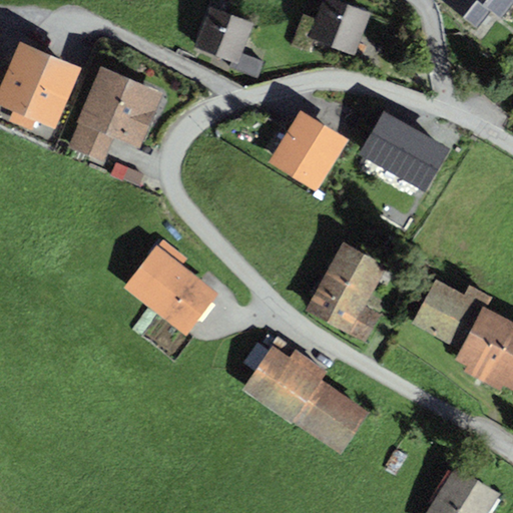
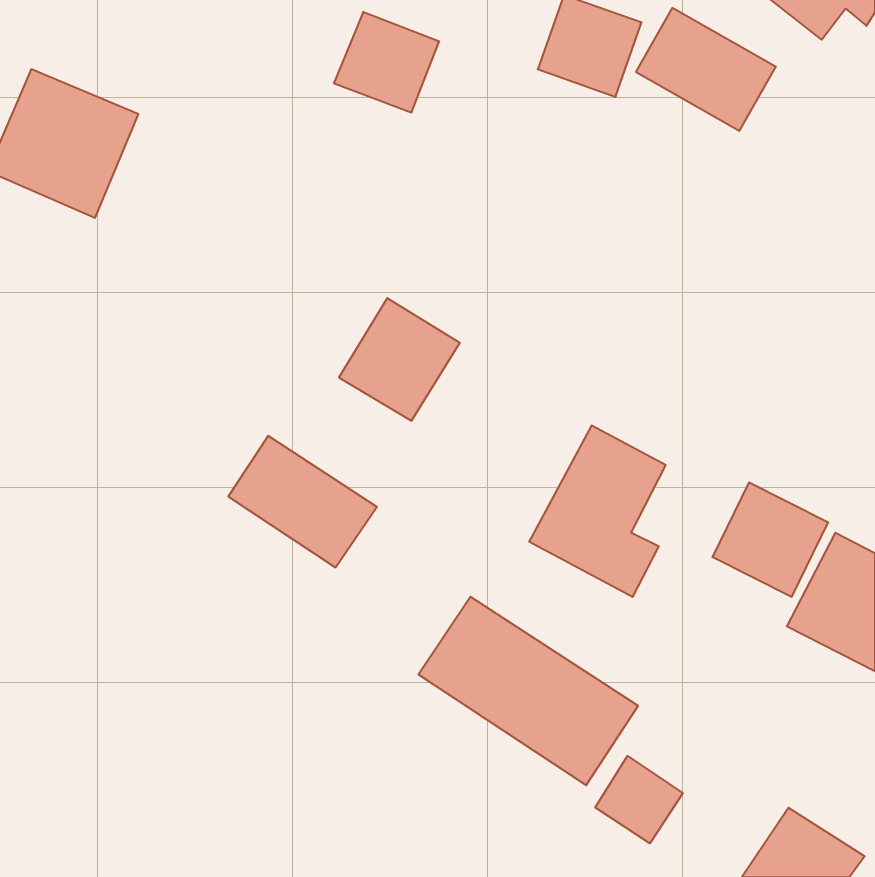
building: [68,69,162,161] -> none
building: [360,113,441,184] -> [636,8,776,131]
building: [269,114,339,185] -> [339,298,460,421]
building: none -> [595,756,683,843]

